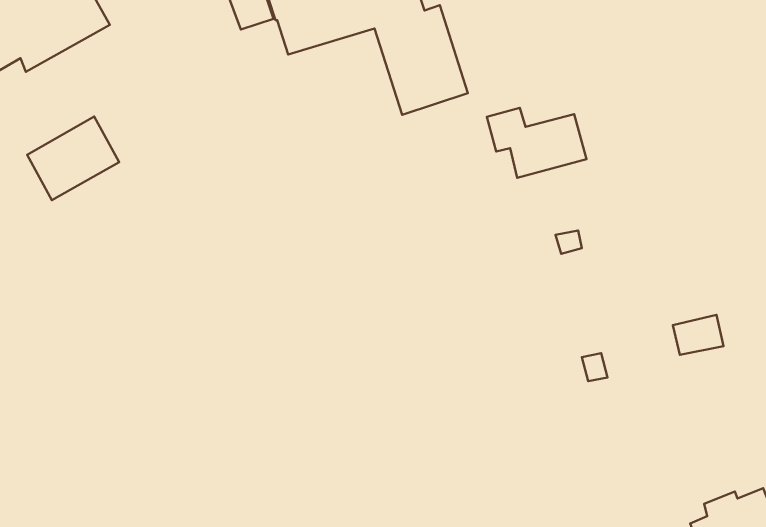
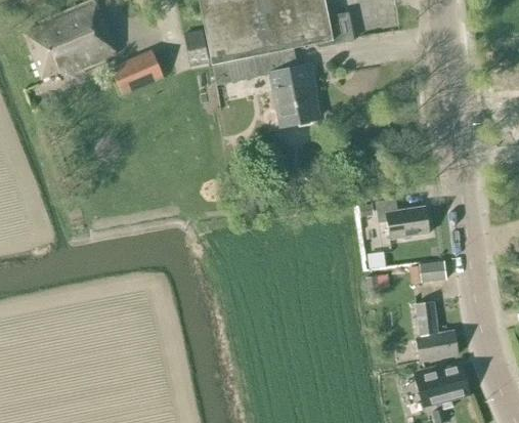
building: [487,108,586,178] -> [376,199,430,239]
building: [27,117,119,200] -> [111,51,163,96]
building: none -> [416,301,459,362]

